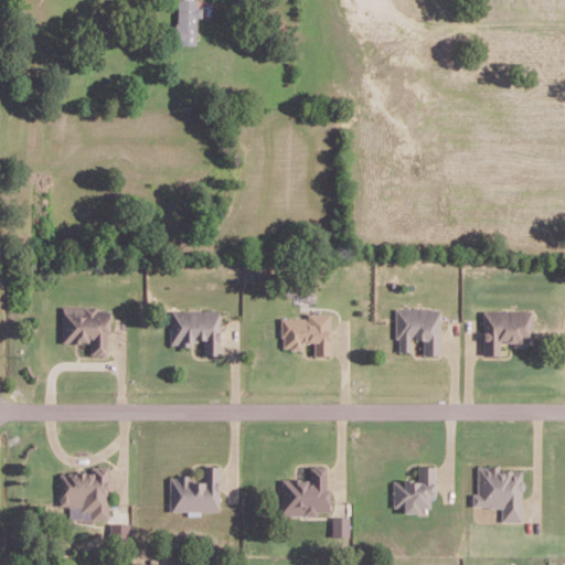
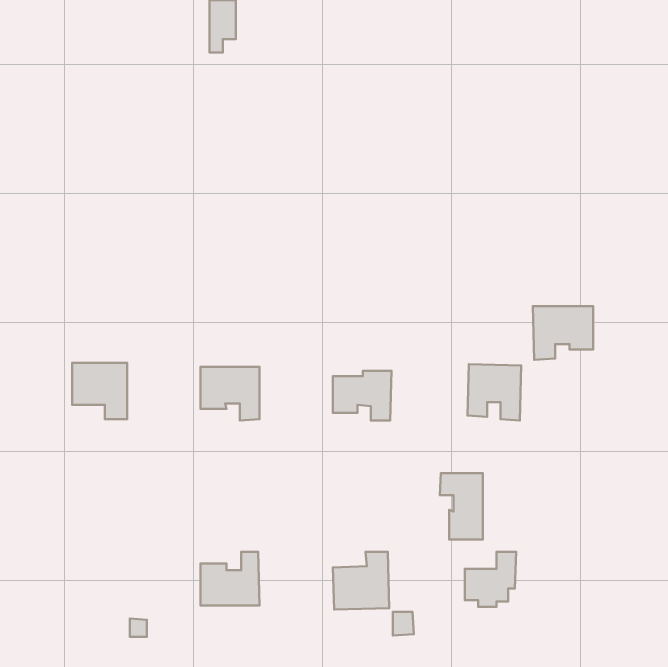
building: [482,311,533,356] -> [533,306,593,360]
building: none -> [440,473,483,539]
building: [58,467,109,520] -> none
building: [473,467,522,522] -> none

